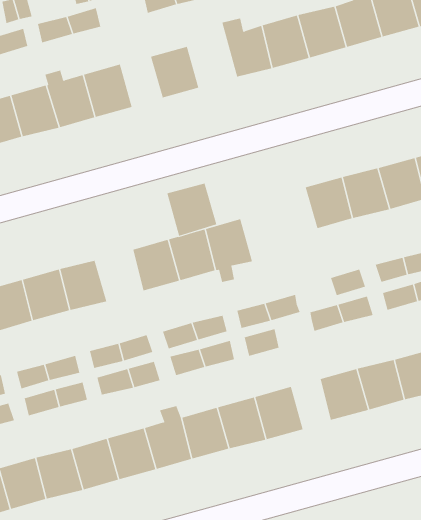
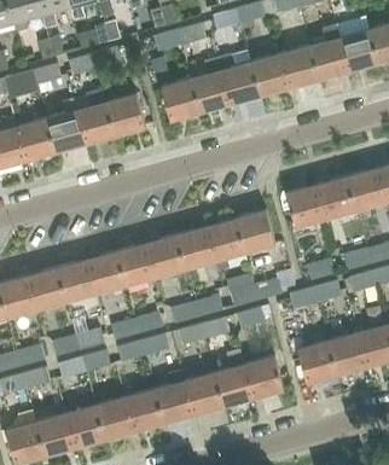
building: none -> [190,59,230,112]
building: [166,183,217,236] -> [233,210,274,254]
building: none -> [115,244,153,286]

